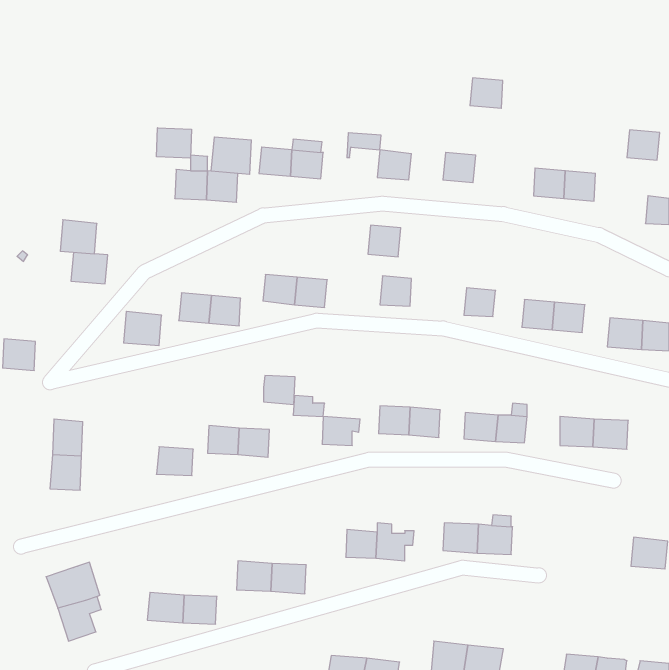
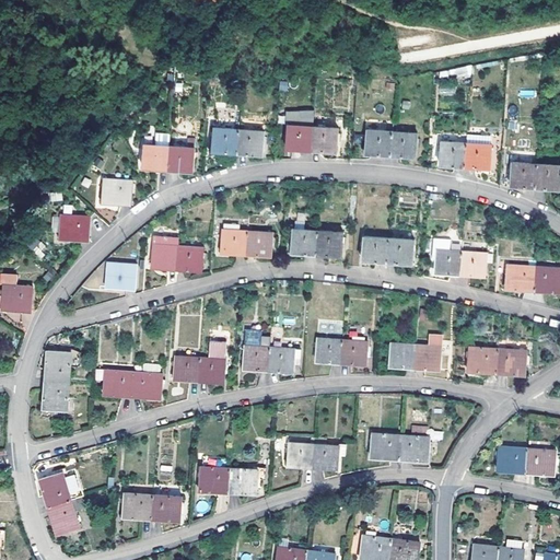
building: [470,78,503,108] -> [394,130,421,155]
building: [157,128,191,158] -> none
building: [627,130,660,160] -> [512,162,539,187]
building: [211,137,251,174] -> none
building: none -> [290,124,316,149]
building: [60,220,97,254] -> [103,175,133,203]
building: [368,225,401,257] -> [291,229,318,255]
building: none -> [361,238,388,264]
building: [264,376,295,404] -> [243,347,269,371]
building: none -> [103,371,132,396]
building: none -> [498,446,527,472]

